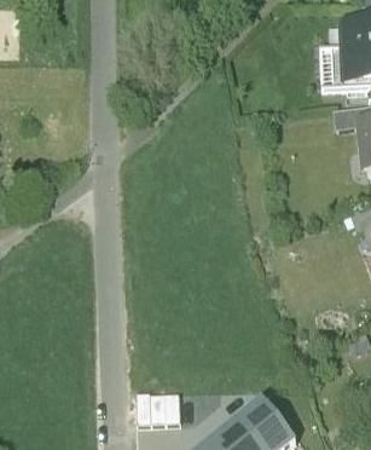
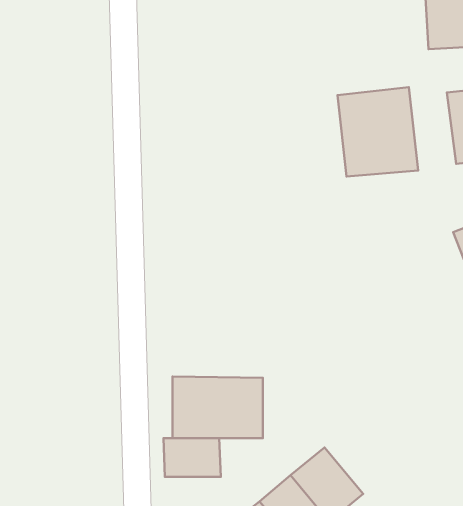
building: none -> [338,87,418,177]
building: none -> [172,377,263,438]

